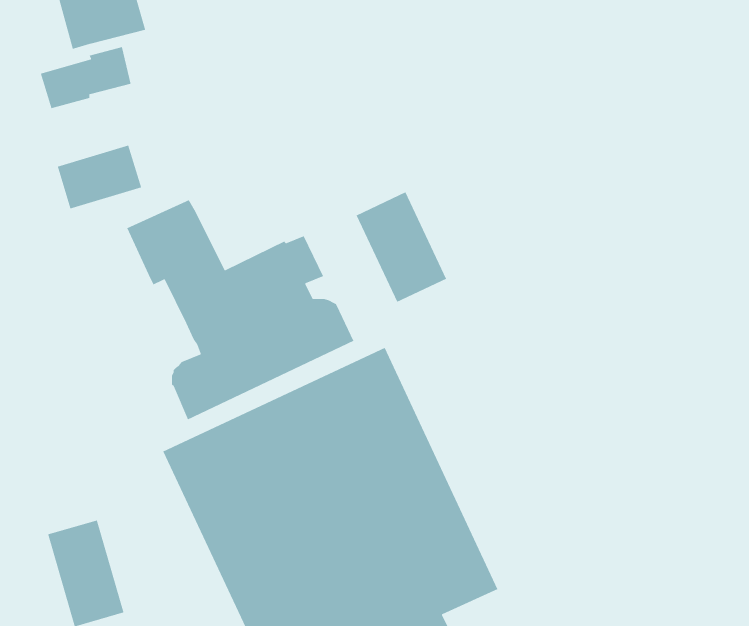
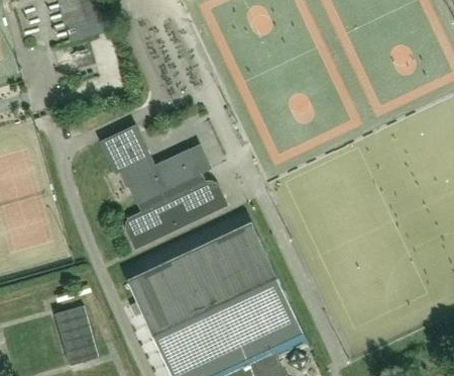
building: [57,144,142,209] -> none
building: [356,191,447,303] -> none

